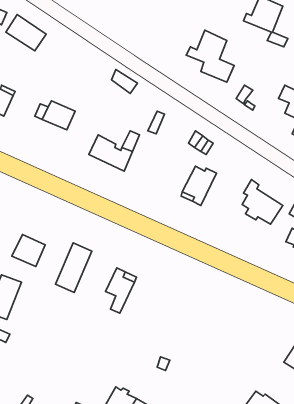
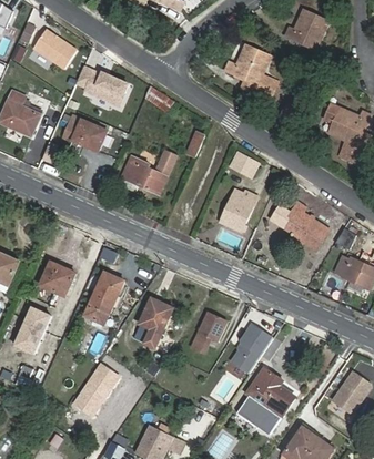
building: none -> [74,62,131,110]
building: none -> [191,312,225,351]
building: none -> [228,319,271,371]
building: none -> [70,360,120,418]
building: none -> [234,365,297,435]

